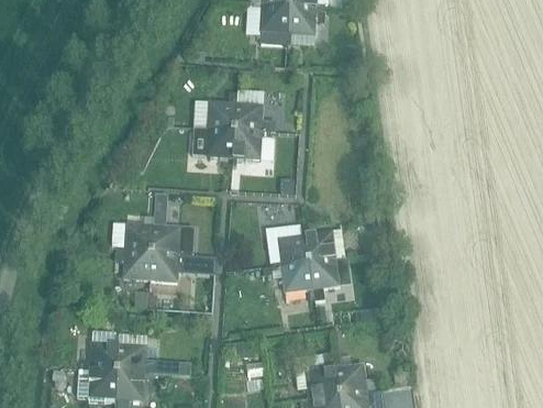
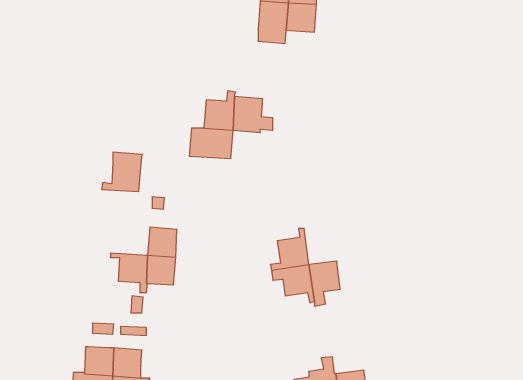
building: [233,131,262,167] -> none
building: [115,214,155,253] -> [102,152,142,192]
building: [304,225,345,262] -> none

